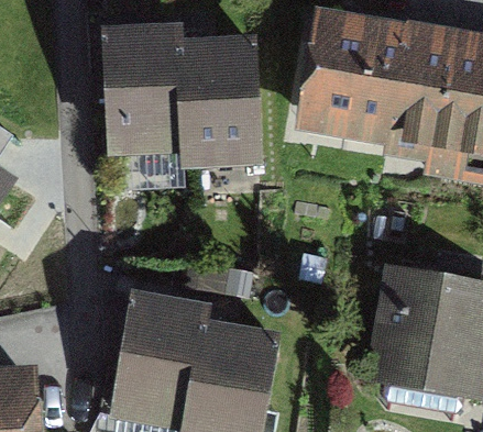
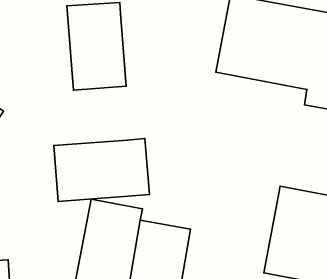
building: [177,35,260,157] -> none
building: none -> [54,139,149,202]

